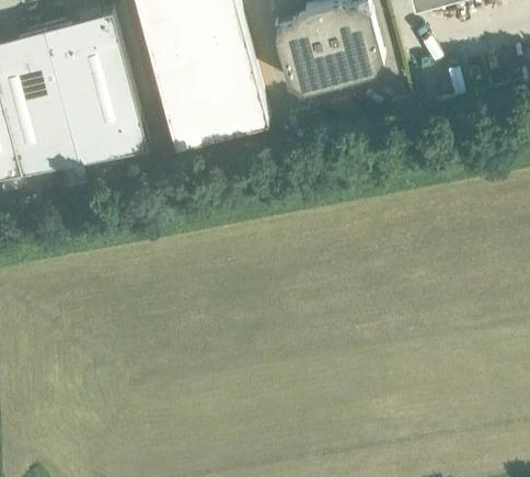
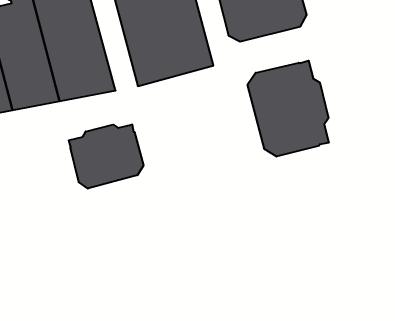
building: none -> [248,61,329,157]
building: none -> [69,124,143,189]

